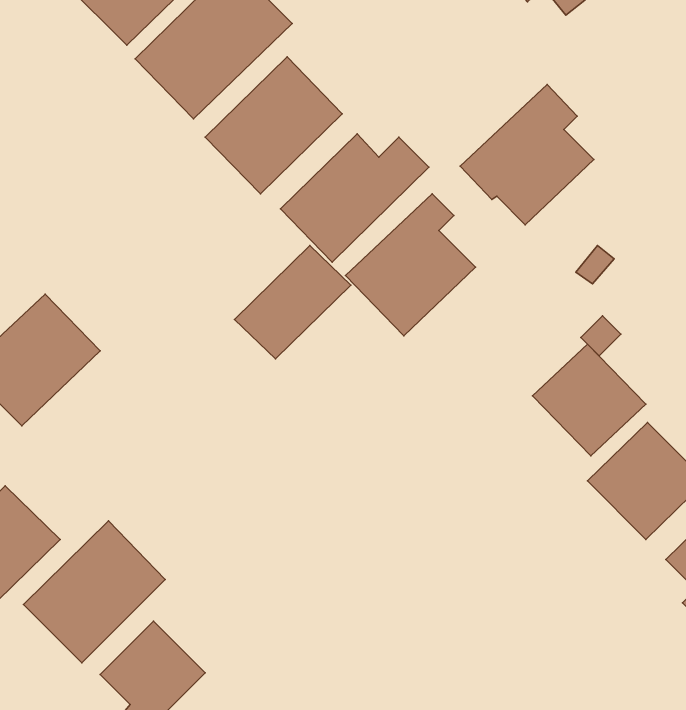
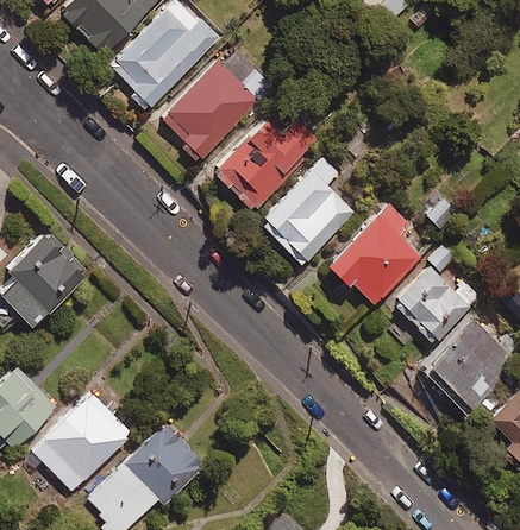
building: [460,85,594,225] -> [327,203,422,303]
building: [235,246,351,359] -> none
building: none -> [124,427,205,506]

